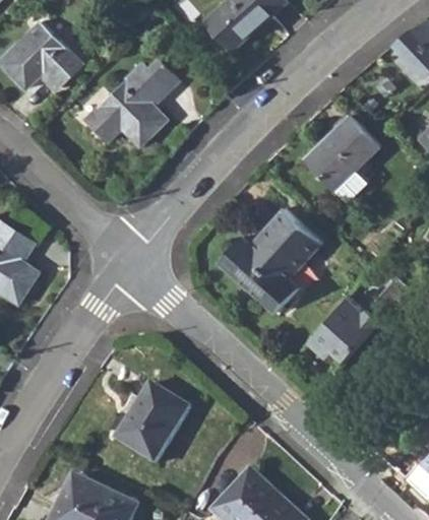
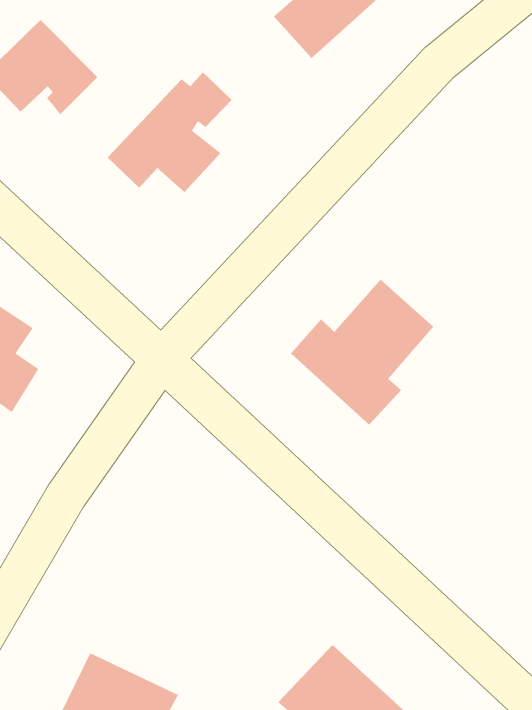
building: [306,115,381,203] -> none
building: [306,295,378,360] -> none
building: [116,384,189,464] -> none

